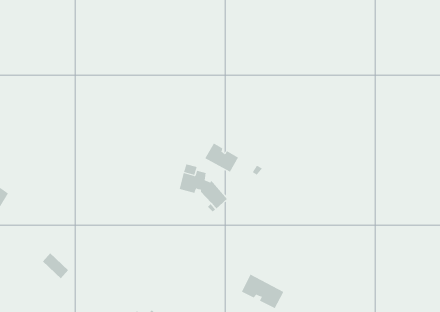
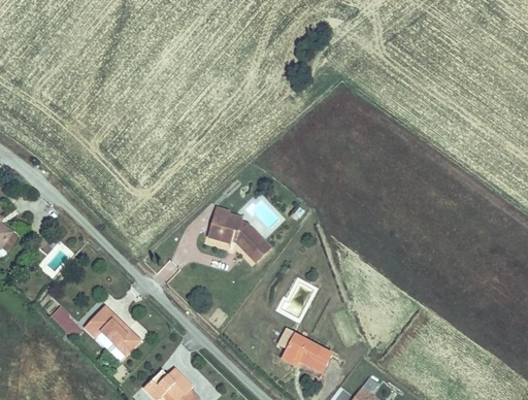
building: [205,143,239,173] -> none
building: none -> [86,308,137,355]

